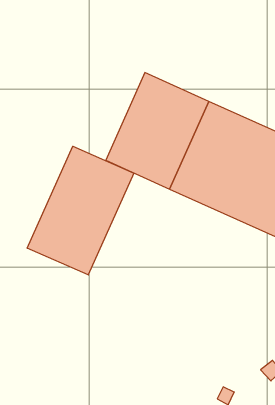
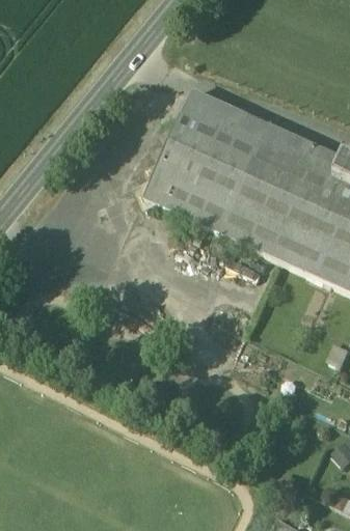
building: [27,146,134,275] -> none

